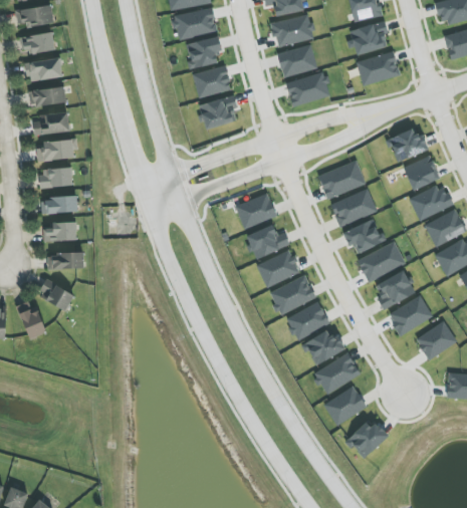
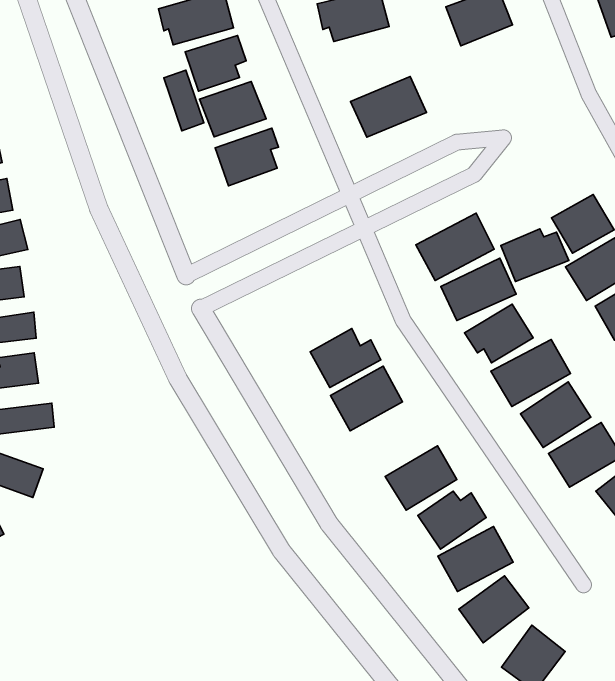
building: [277,44,317,77] -> none
building: [357,51,400,84] -> none
building: none -> [164,70,204,131]
building: [388,130,429,161] -> [501,229,569,282]
building: [236,194,276,227] -> none
building: [268,274,316,315] -> none

